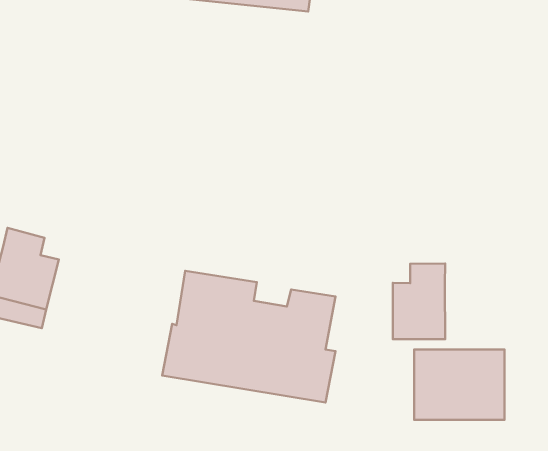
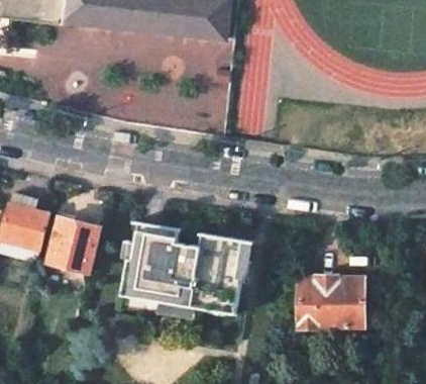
building: [393,263,445,339] -> none
building: none -> [45,217,99,272]

